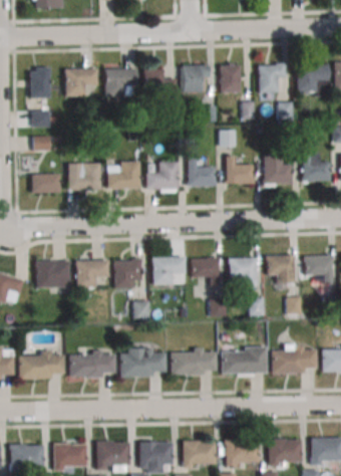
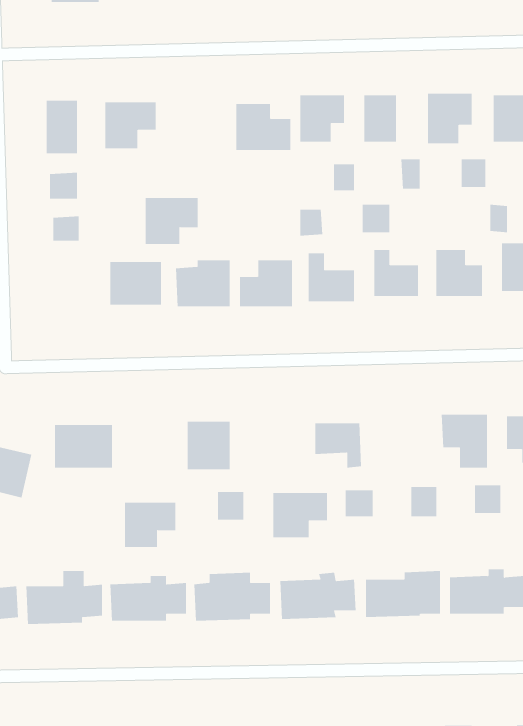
building: [105,67,137,95] -> [145,198,199,245]
building: [33,173,61,192] -> none
building: [152,256,186,283] -> [272,492,328,538]
building: [230,257,257,284] -> none
building: [77,259,108,286] -> [124,502,176,548]

